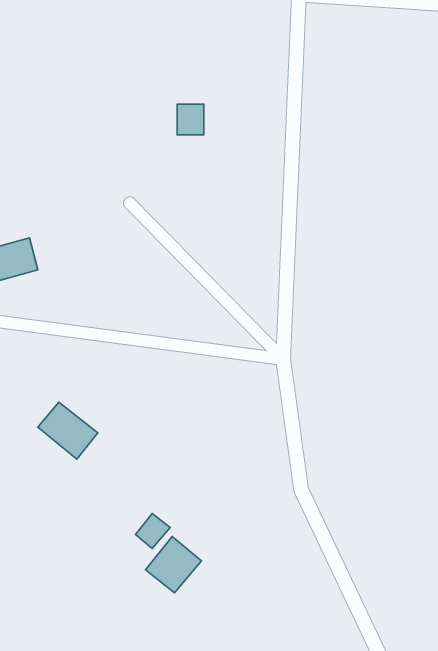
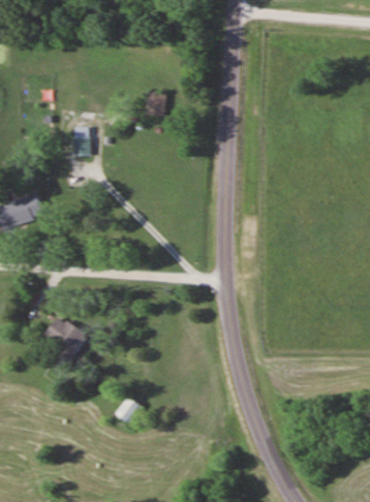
building: none -> [73,126,91,157]
building: [145,536,202,593] -> none

